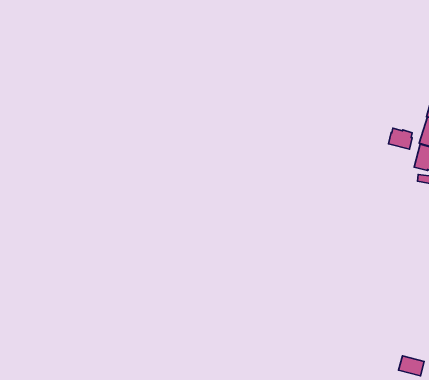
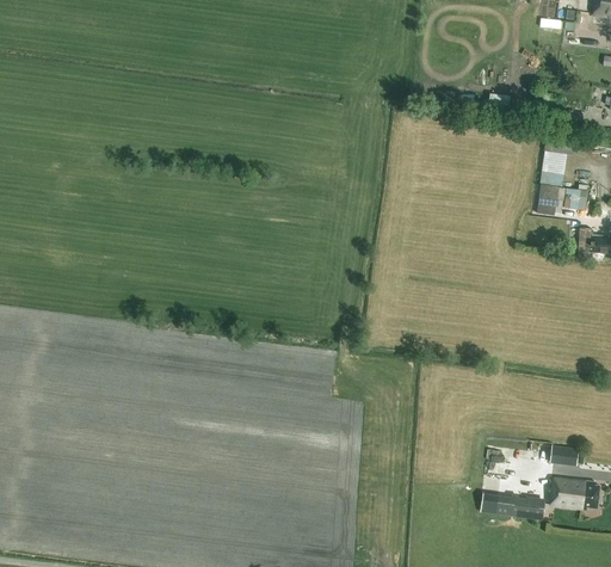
building: [388,128,412,149] -> none

